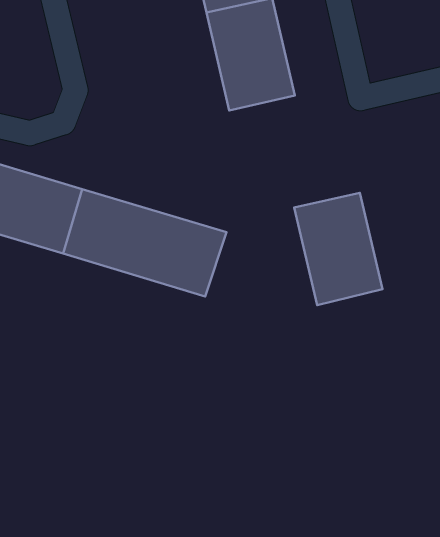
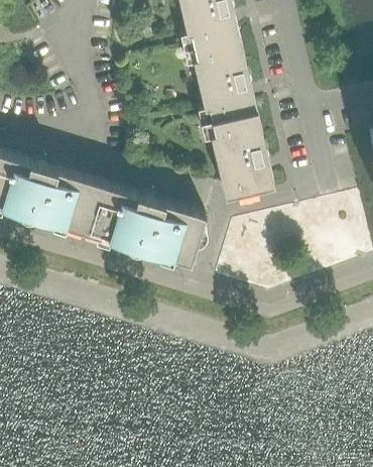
building: [294,193,383,305] -> [210,120,276,205]

